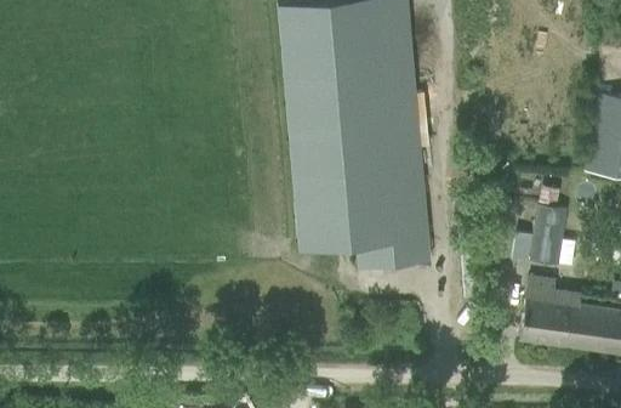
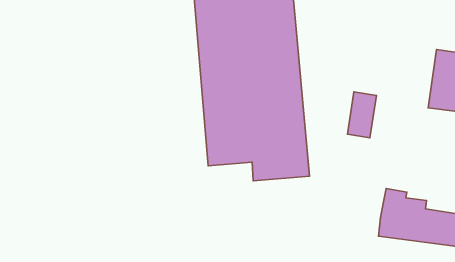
building: [529,206,566,266] -> [347,92,376,138]

